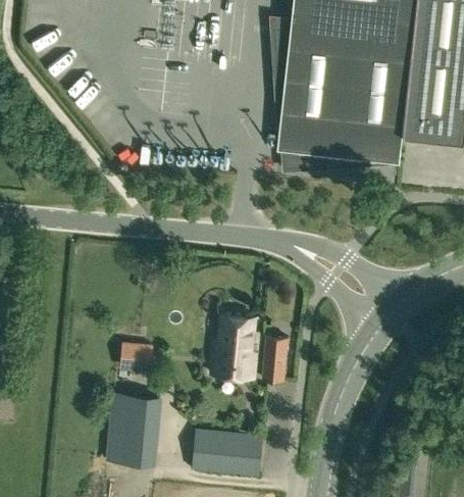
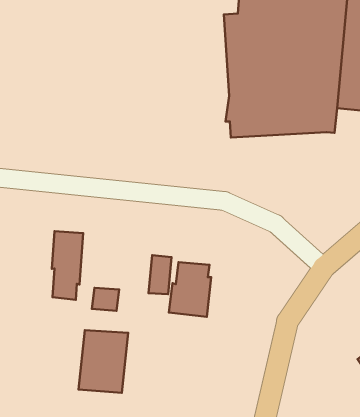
building: none -> [52,231,83,300]
building: [262,334,289,379] -> [149,255,172,294]
building: [194,427,263,474] -> none

